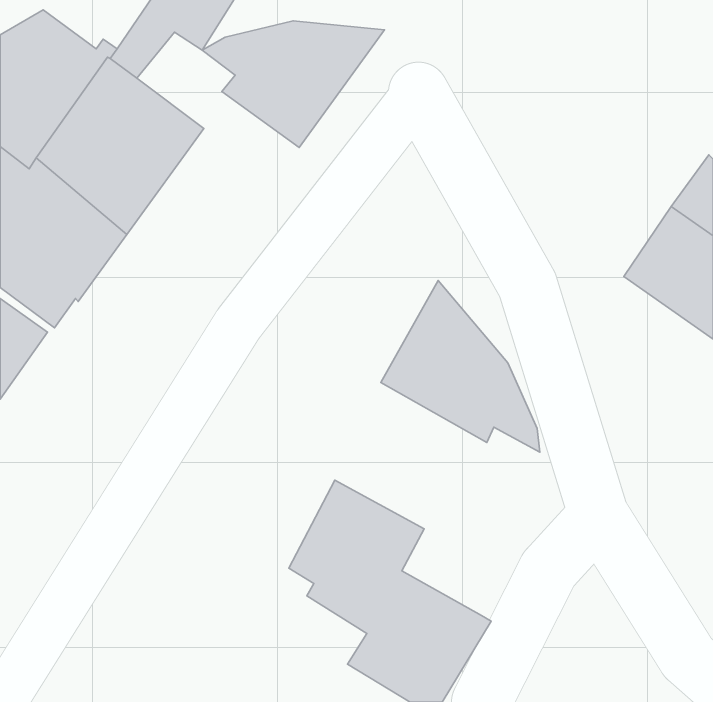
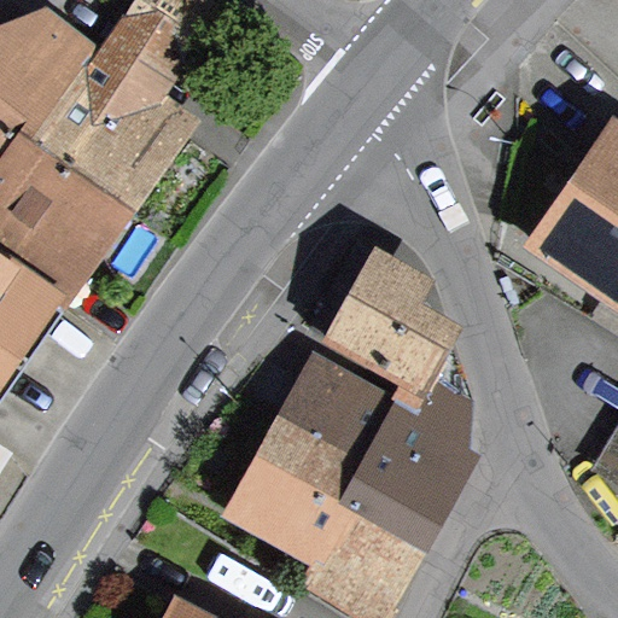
building: [202,21,385,147] -> none
building: none -> [290,369,472,532]

